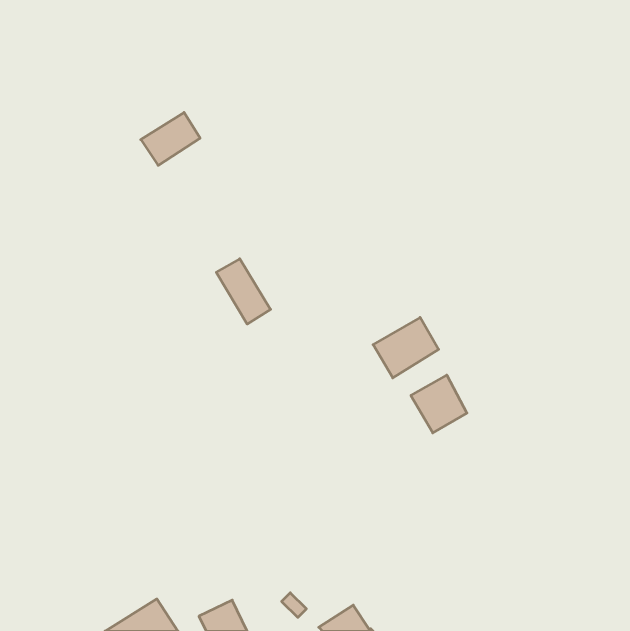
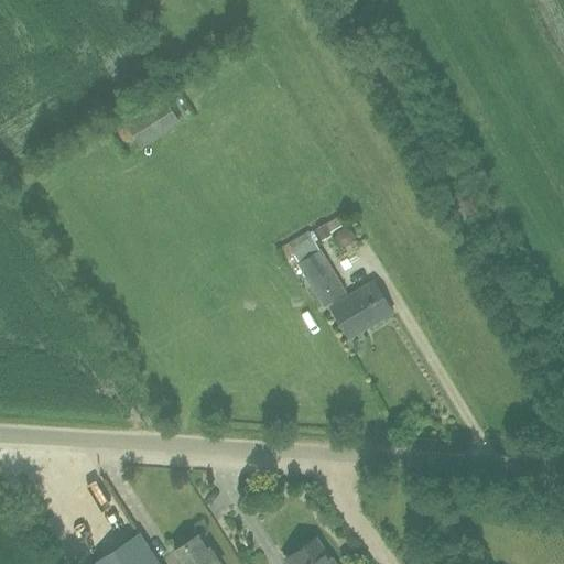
building: [216,259,271,324] -> [296,248,345,306]
building: [411,375,467,433] -> none

